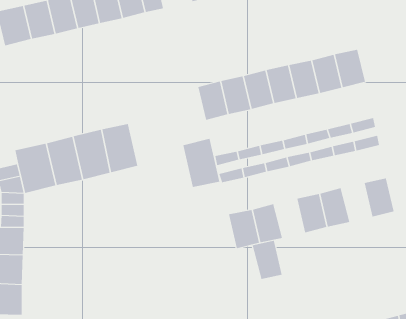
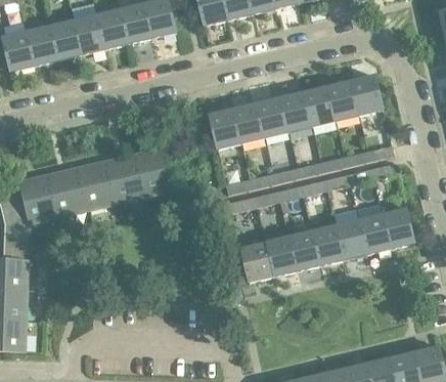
building: [182,138,220,188] -> [137,144,176,196]
building: none -> [357,213,389,254]
building: [252,240,282,280] -> [287,229,319,270]

